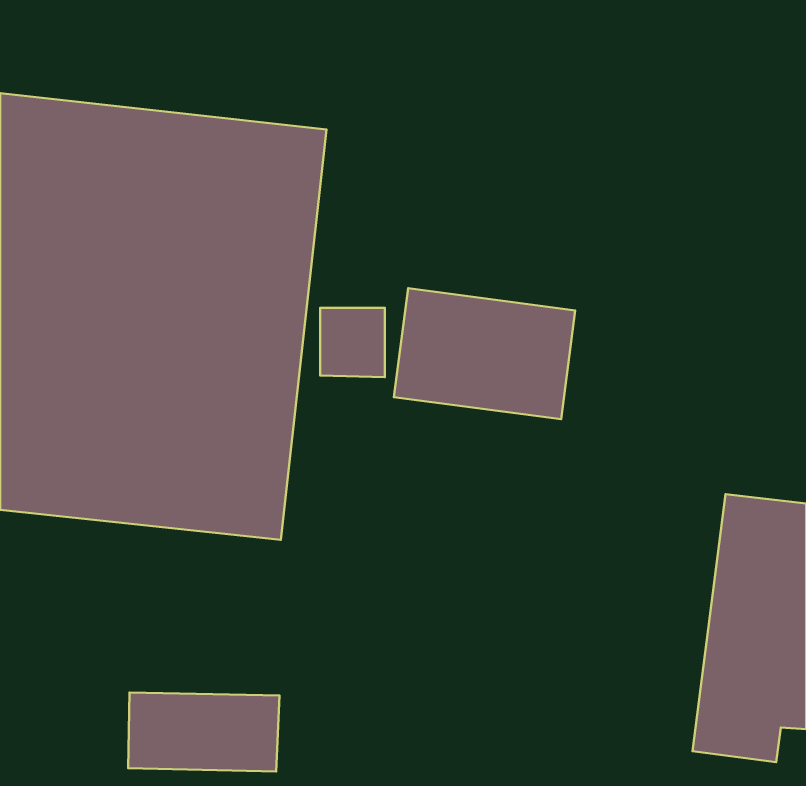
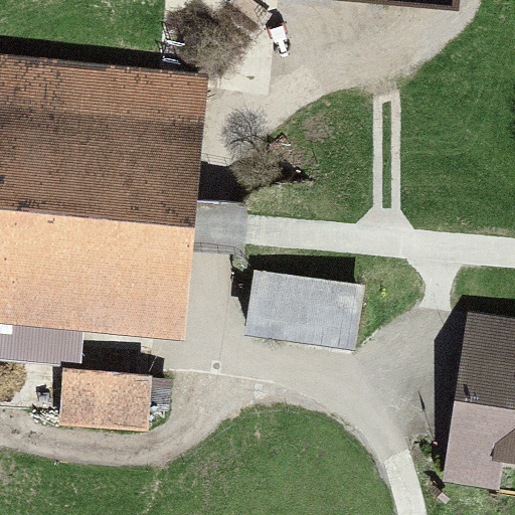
building: [394,288,575,419] -> [242,264,358,347]
building: [128,692,279,771] -> [55,375,152,425]

